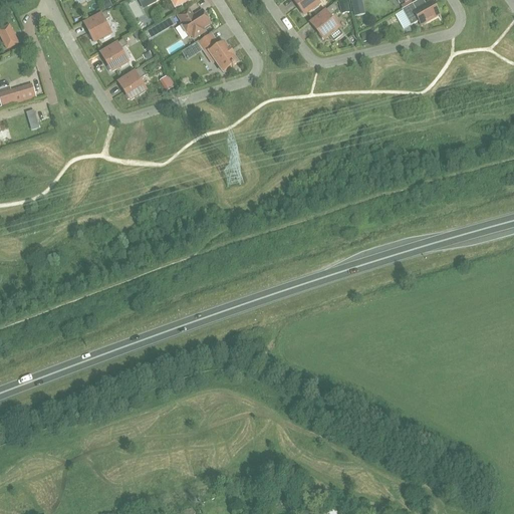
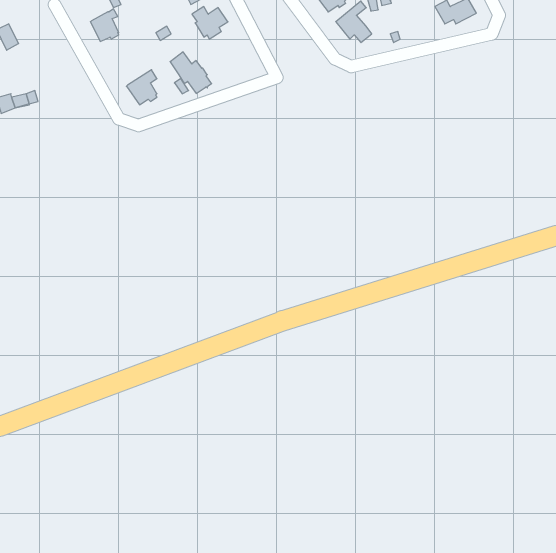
building: [198,31,236,69] -> [170,52,212,93]
building: [99,36,126,68] -> none

